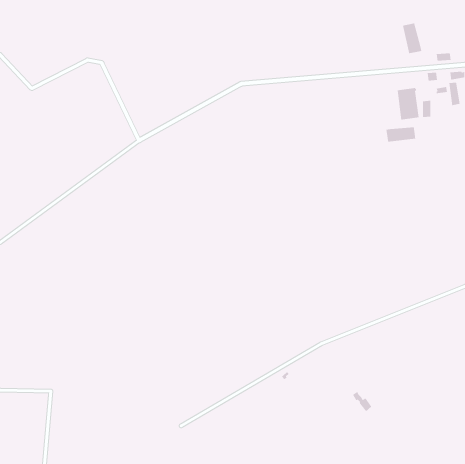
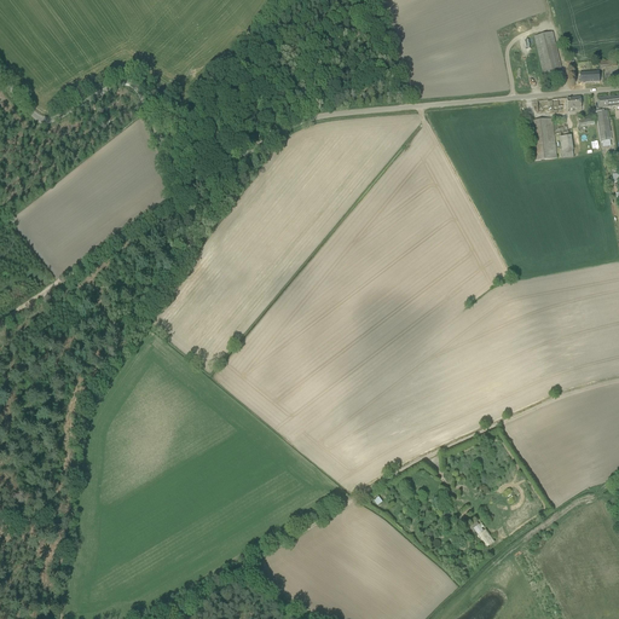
building: [386,127,416,143] -> none

